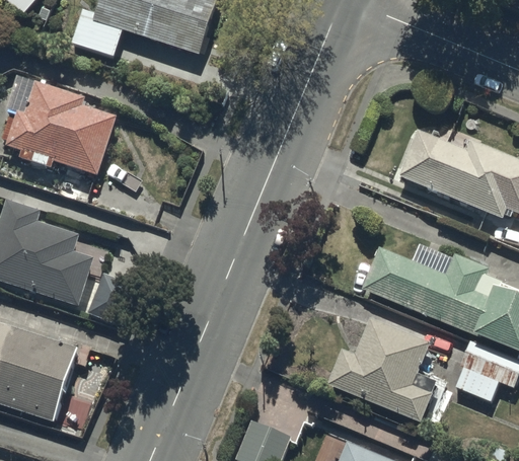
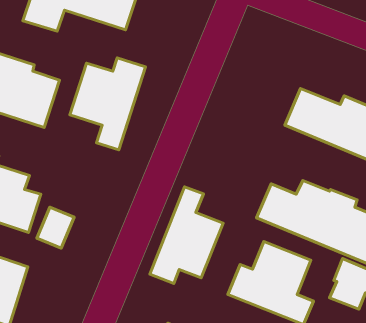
building: none -> [70,58,146,150]
building: none -> [150,187,223,284]

